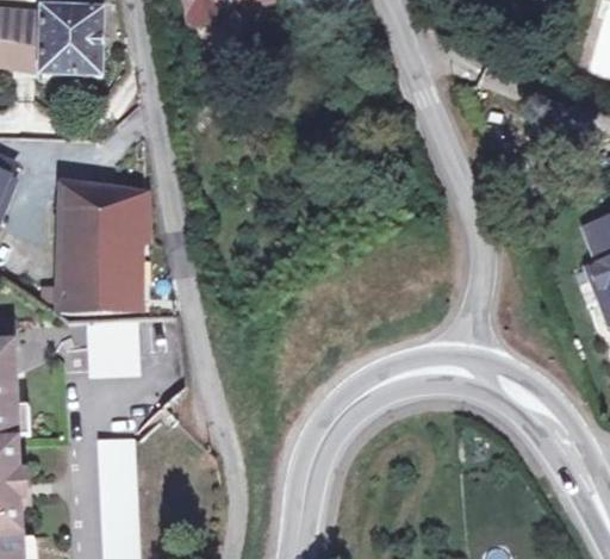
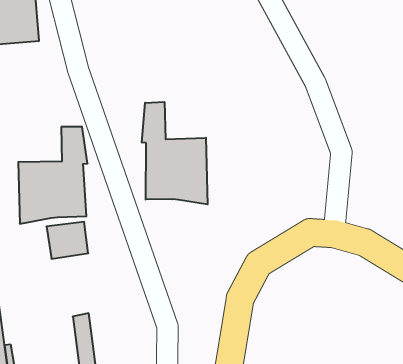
building: none -> [142,102,208,204]
building: [60,184,120,235] -> none

